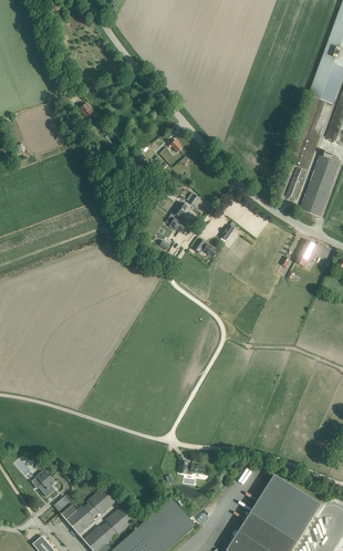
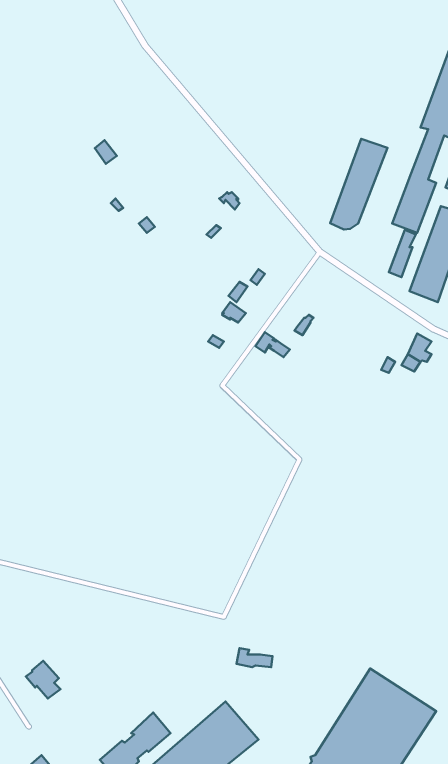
building: none -> [330,139,388,229]
building: [60,487,114,534] -> none

